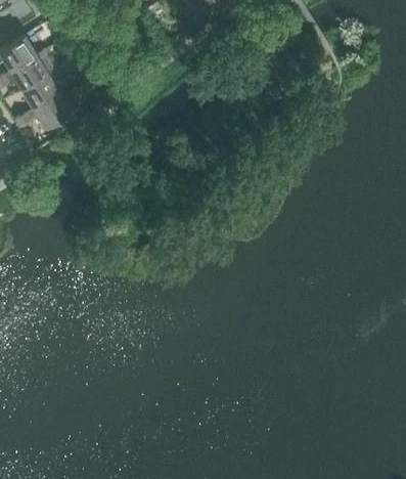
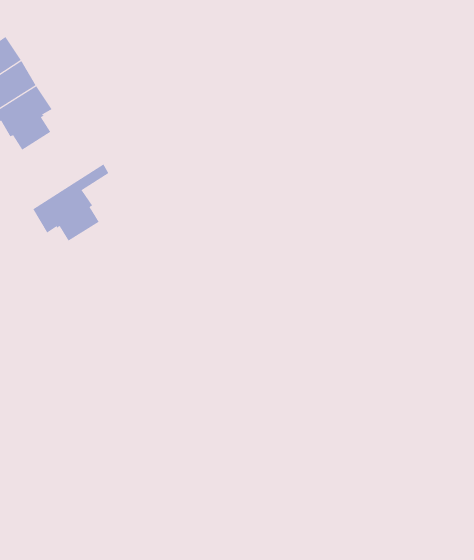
building: none -> [32,164,109,242]

